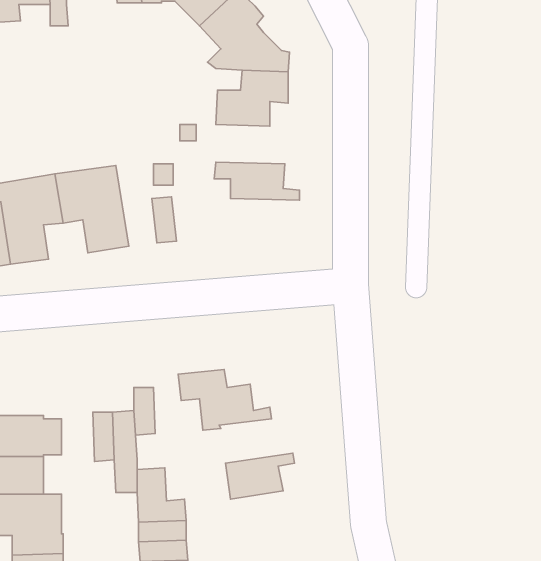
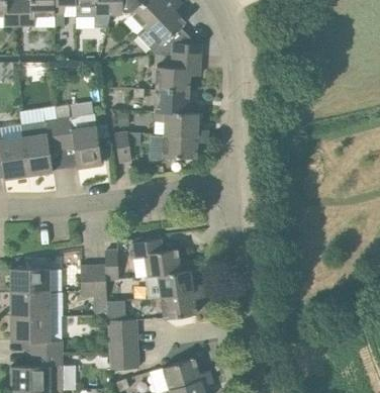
building: none -> [156,89,198,113]
building: none -> [164,134,207,158]
building: none -> [145,270,203,299]

